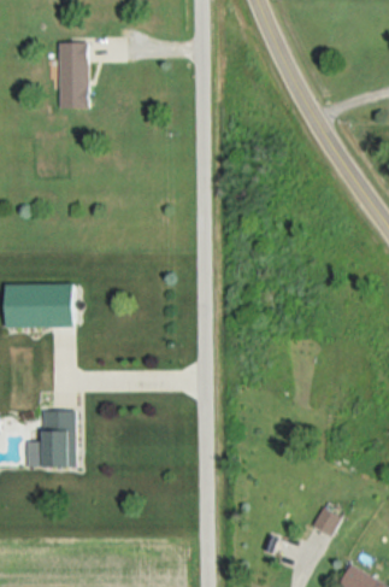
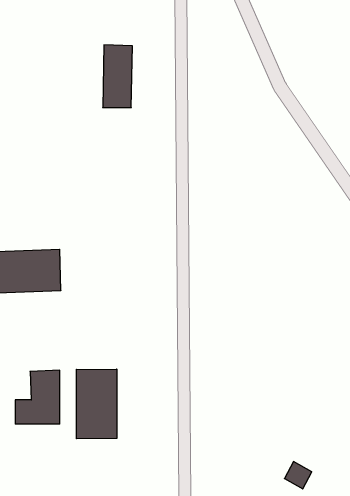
building: [58,41,89,107] -> [103,45,132,108]
building: none -> [76,369,117,439]

